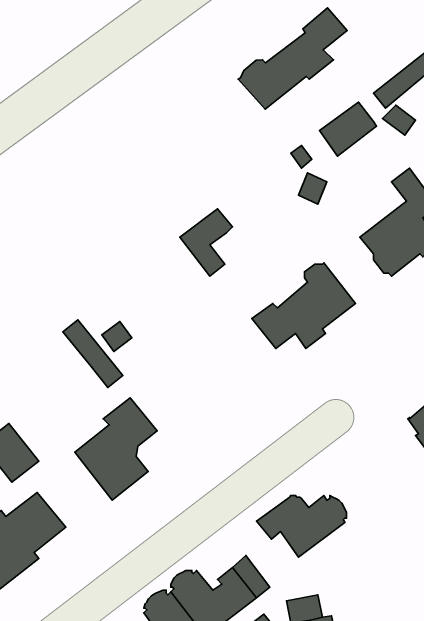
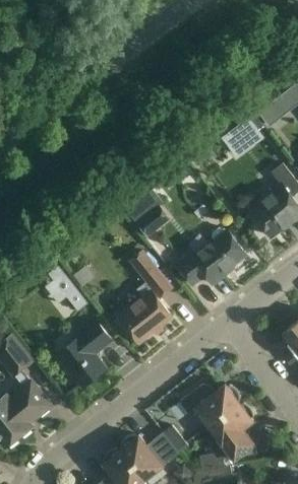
building: [238,8,347,109] -> none
building: none -> [118,251,172,342]
building: none -> [207,403,254,461]

